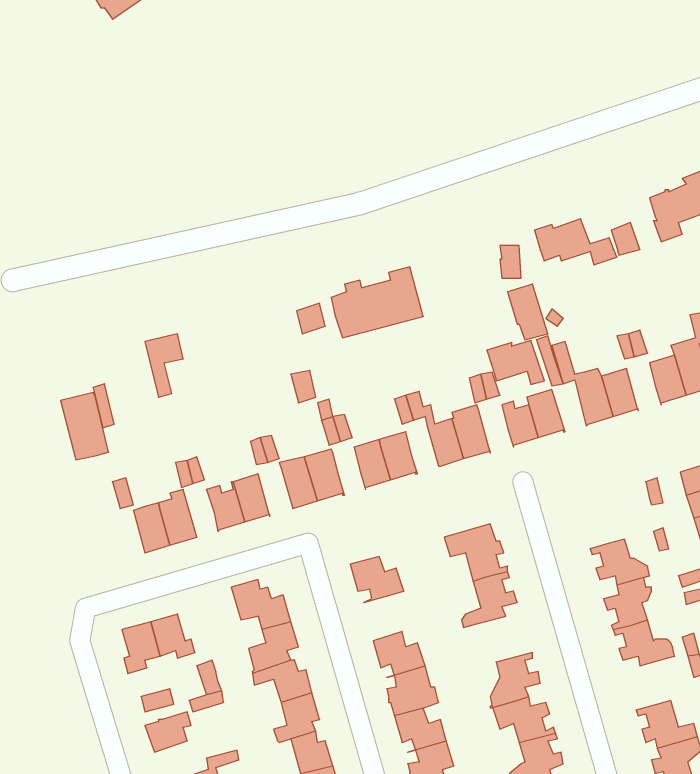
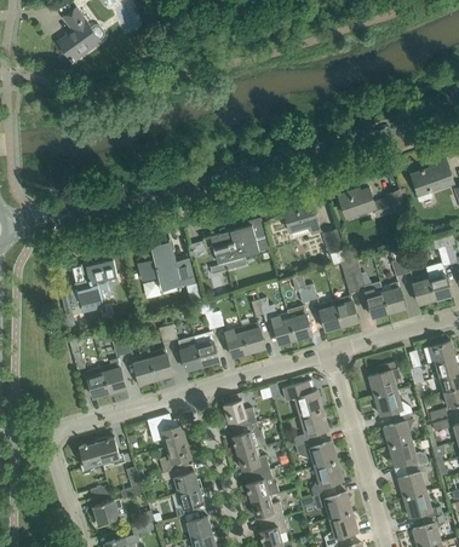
building: none -> [139,244,194,290]
building: [487,340,544,385] -> [283,207,320,235]
building: [61,393,109,460] -> [71,264,102,306]
building: none -> [368,364,400,397]
building: none -> [231,424,266,455]
building: none -> [294,439,338,468]
building: none -> [398,466,425,499]

